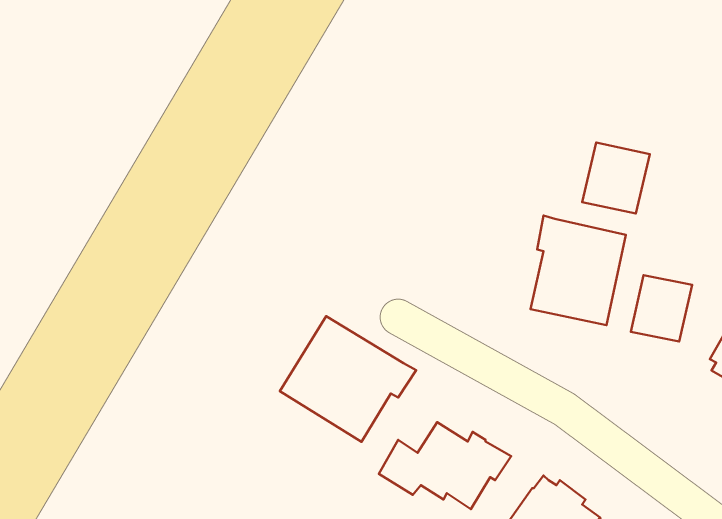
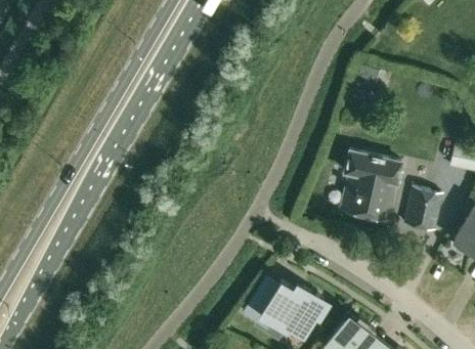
building: [582,143,650,213] -> none
building: [280,316,416,442] -> none

